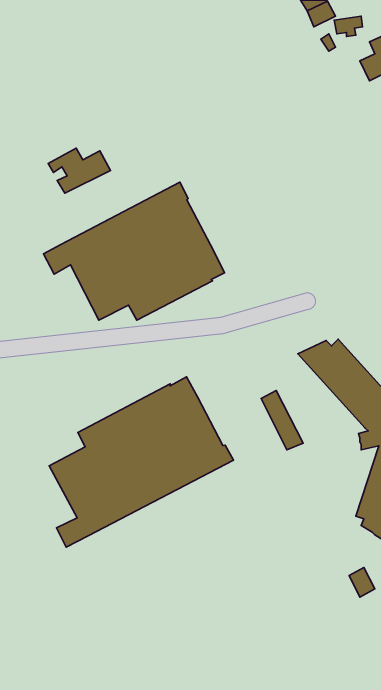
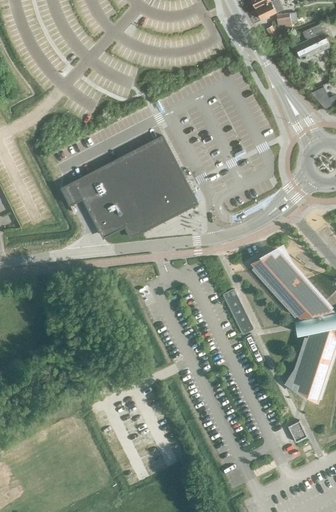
building: [48,148,110,193] -> none
building: [49,377,233,547] -> none

